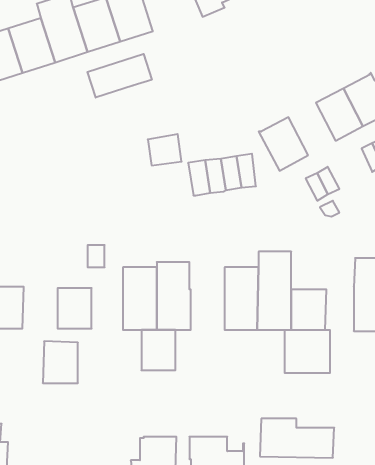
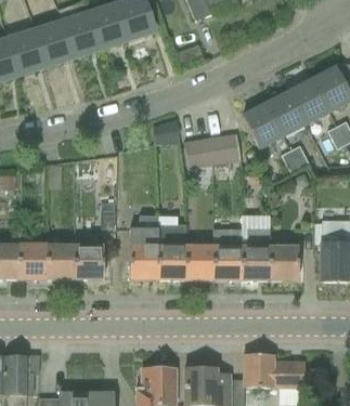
building: [87,54,152,98] -> none
building: none -> [268,91,307,134]
building: [141,330,175,370] -> [186,246,215,279]
building: [285,330,330,373] -> none
building: [43,341,78,383] -> [47,244,76,278]

